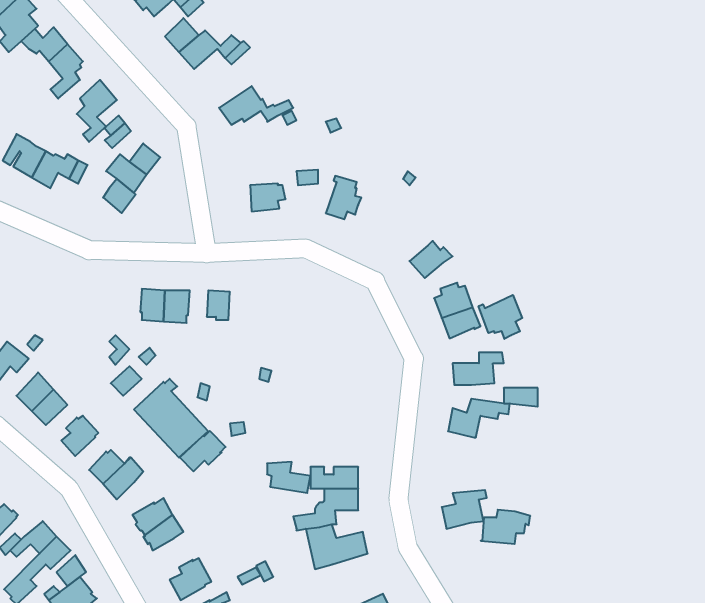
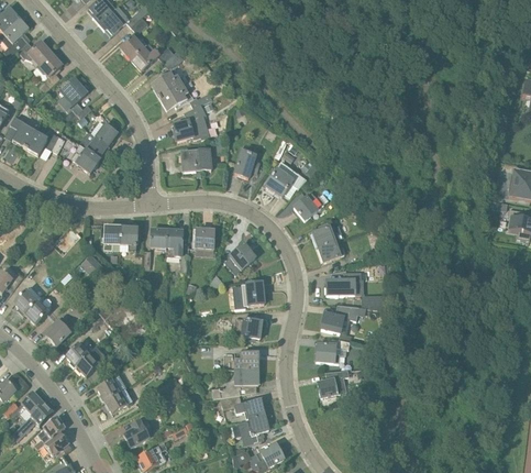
building: none -> [151,68,181,98]
building: none -> [173,103,206,140]
building: none -> [265,162,306,196]
building: none -> [165,229,188,271]
building: none -> [195,230,214,255]
building: [479,295,522,339] -> none
building: none -> [224,244,254,274]
building: none -> [241,282,264,304]
building: [180,431,226,471] -> none
building: [267,462,310,493] -> [231,311,262,333]
building: [481,510,530,544] -> [314,338,350,362]
building: none -> [239,415,268,442]

